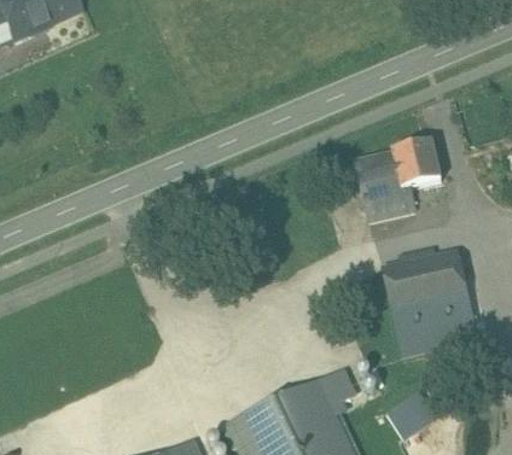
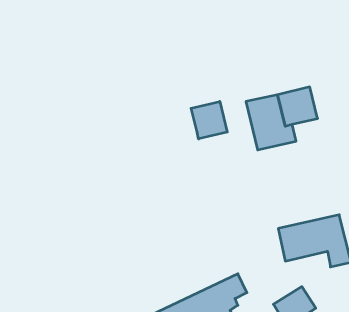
building: none -> [191,101,227,139]
building: [383,250,469,315] -> none

